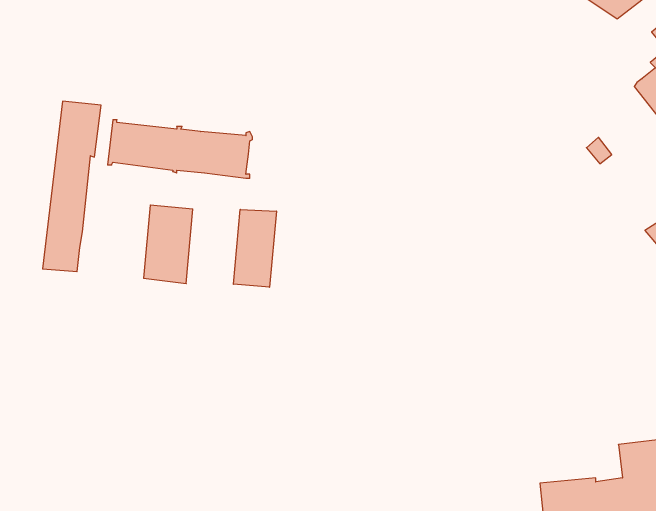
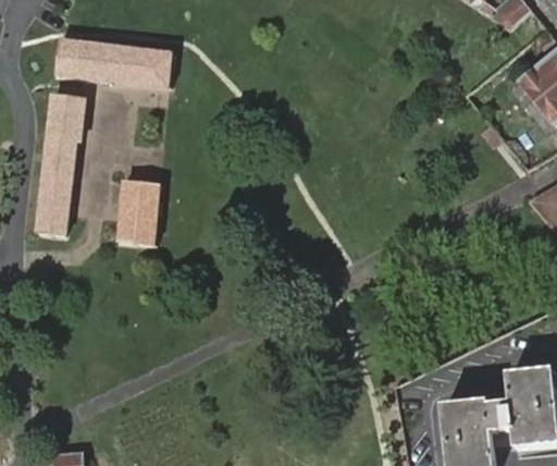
building: [108,120,252,178] -> [55,38,174,86]
building: [233,209,276,287] -> none

